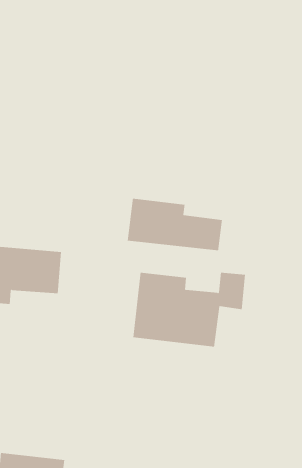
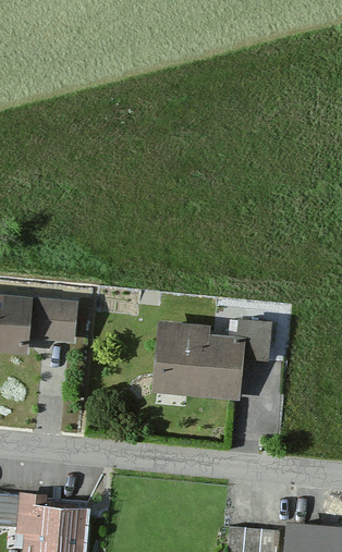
building: [127,198,222,251] -> none

